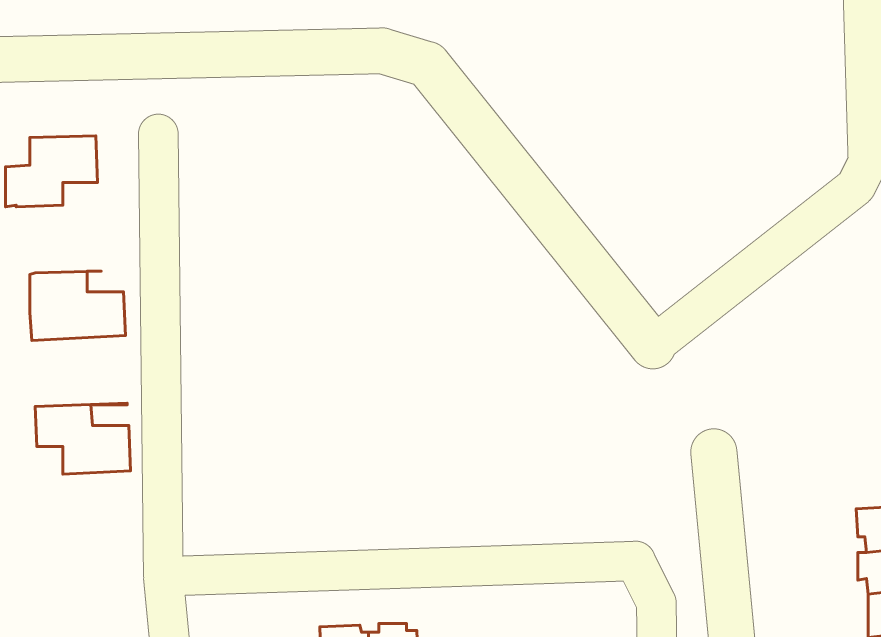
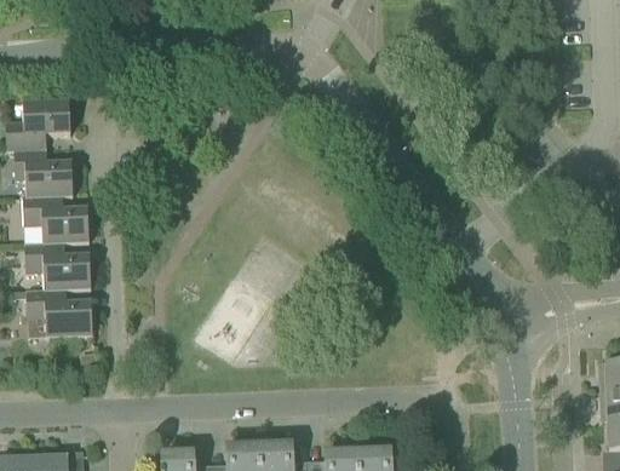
building: none -> [12,149,71,196]
building: none -> [23,240,90,289]

